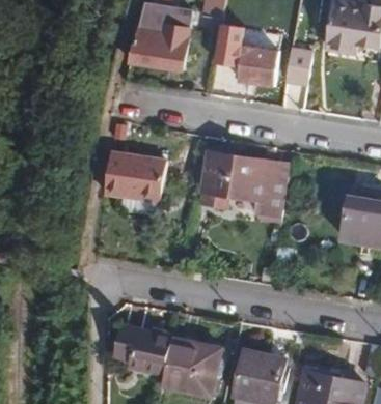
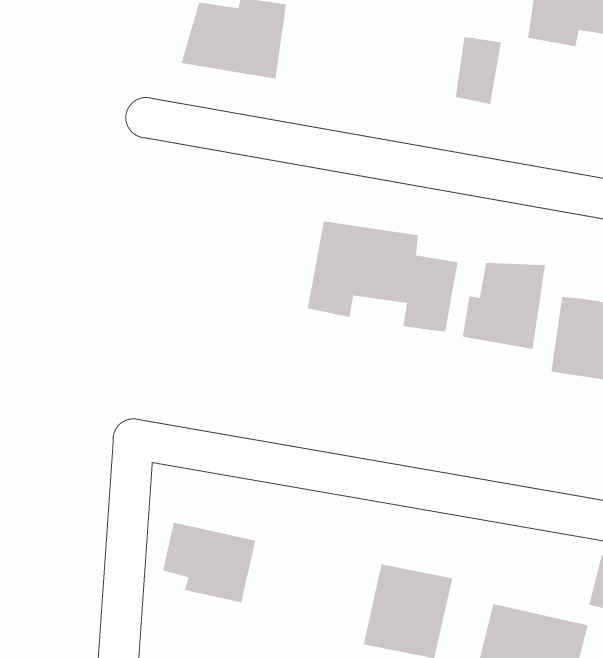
building: [224,40,278,85] -> none
building: [104,152,166,198] -> none
building: none -> [462,262,546,350]
building: [161,336,221,397] -> none

